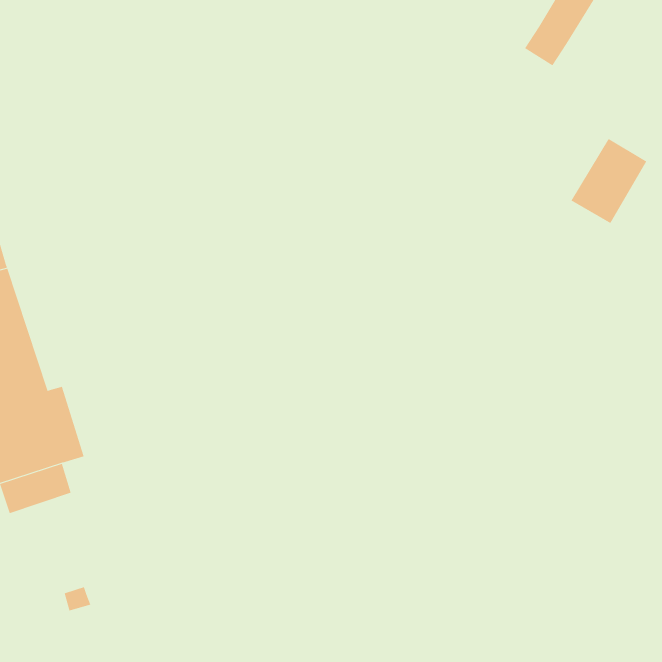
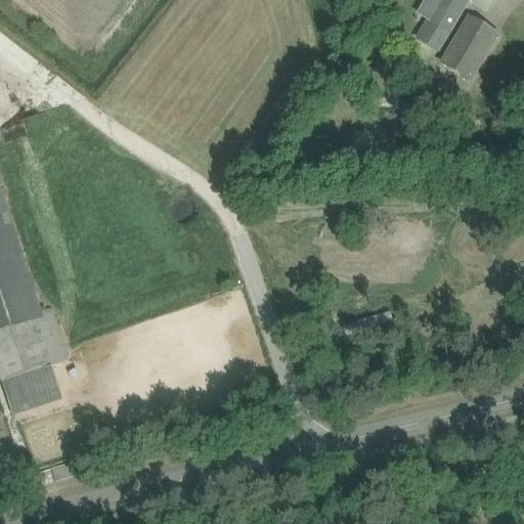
building: [570,138,647,224] -> [437,13,497,81]

